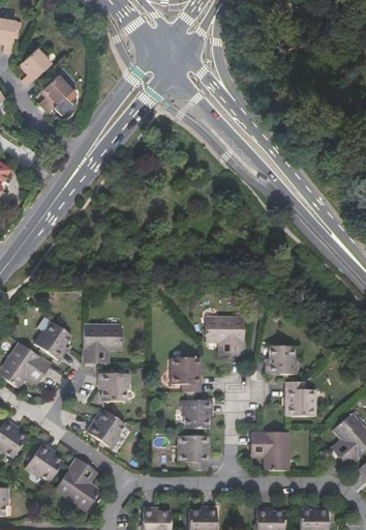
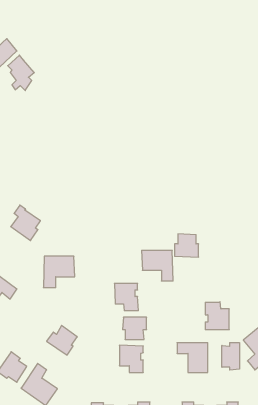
building: [34,316,71,360] -> [11,205,40,241]
building: [266,345,296,374] -> [175,234,199,257]
building: [99,373,130,401] -> none
building: none -> [222,343,239,370]

